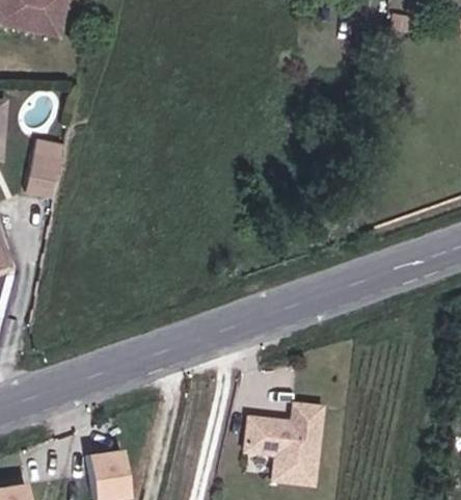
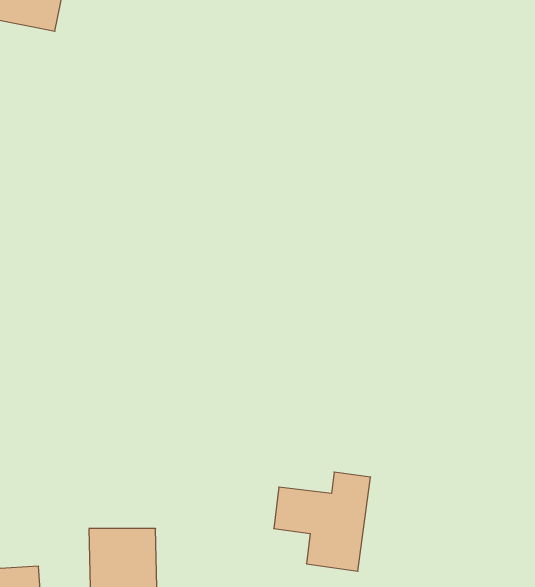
building: [26,139,62,196] -> none

